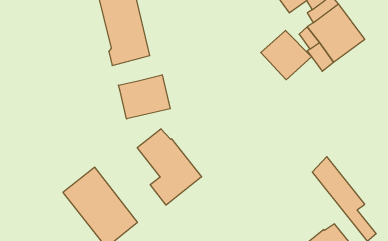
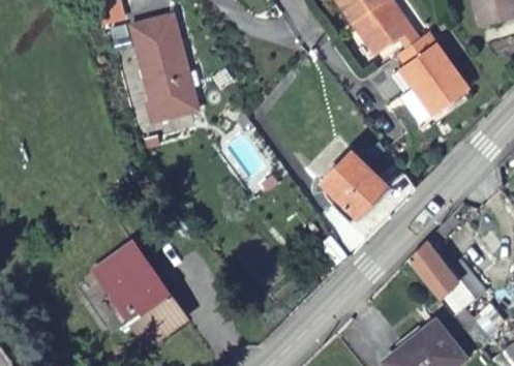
building: [261,30,312,80] -> [321,161,385,223]
building: [118,75,170,119] -> none
building: [137,129,202,205] -> none

